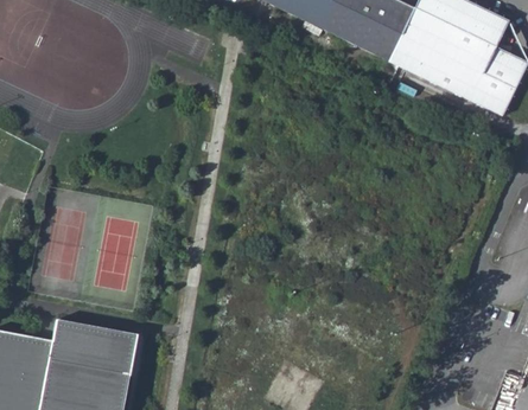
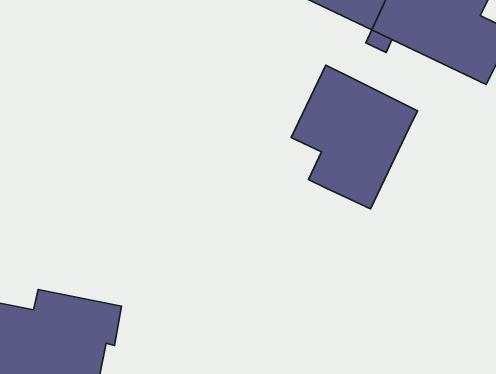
building: none -> [291,65,417,209]

